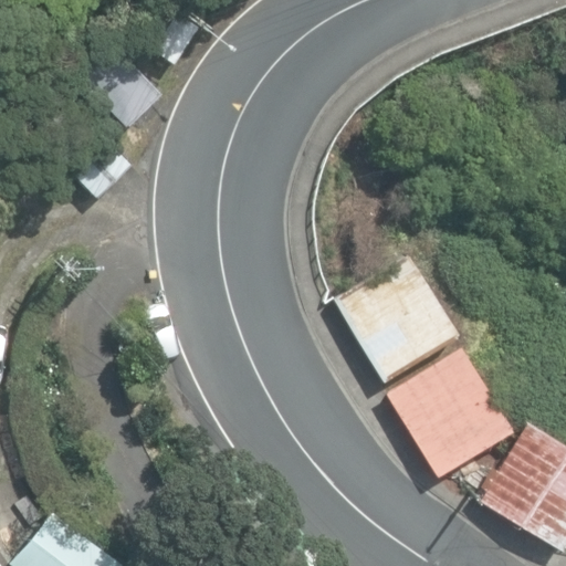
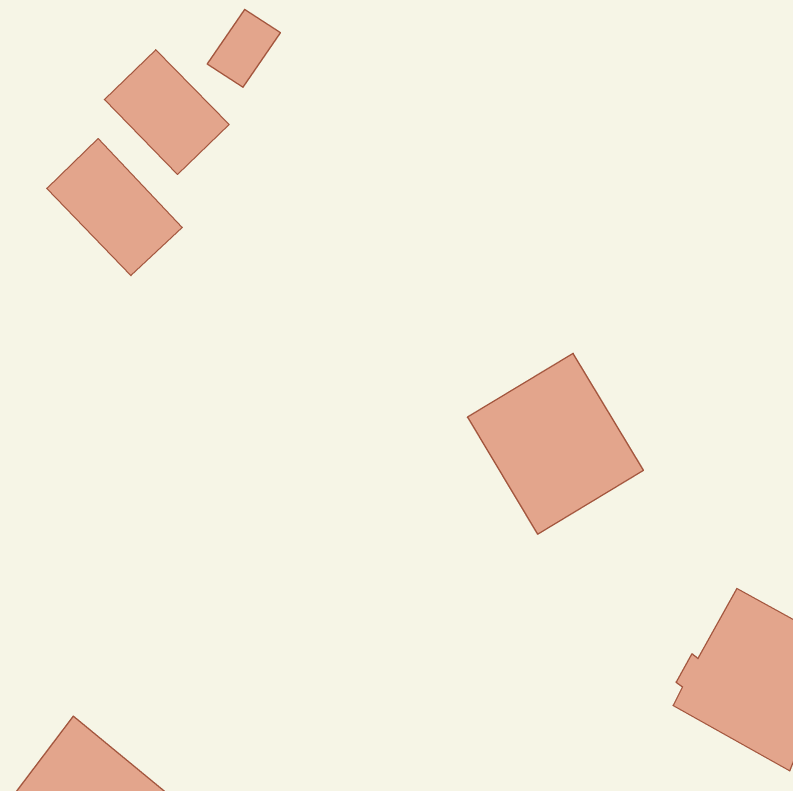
building: [385,345,515,478] -> none

